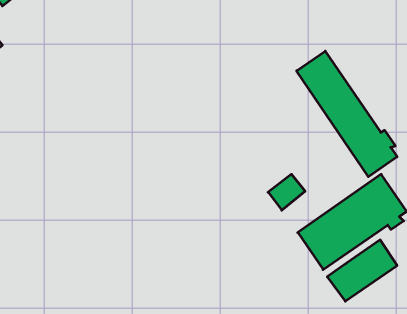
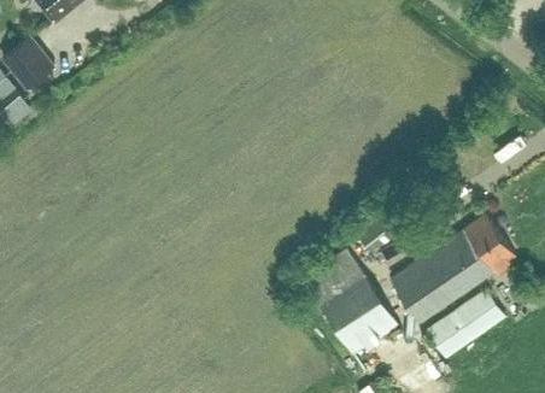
building: [297,51,397,177] -> none
building: none -> [300,247,398,356]

